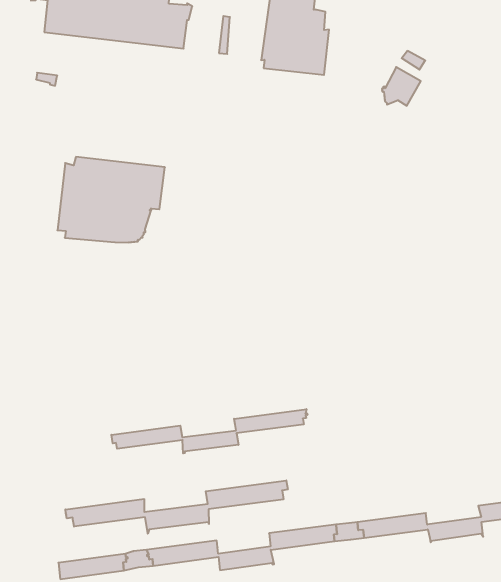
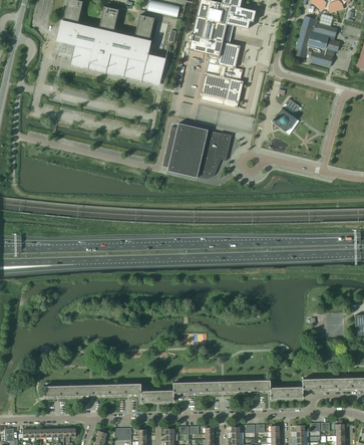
building: [57,157,165,242] -> [162,123,232,178]
building: [111,409,307,453] -> none
building: [65,480,288,534] -> none

